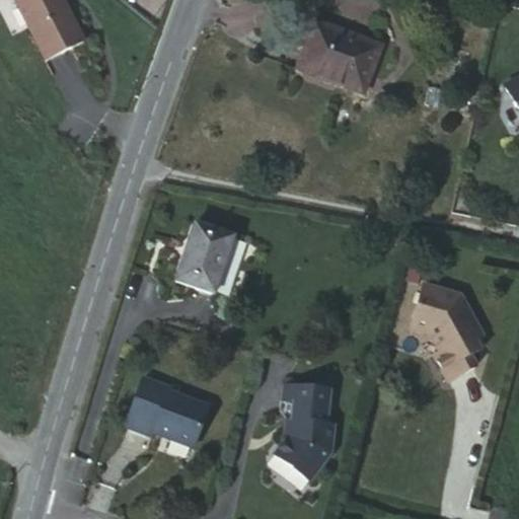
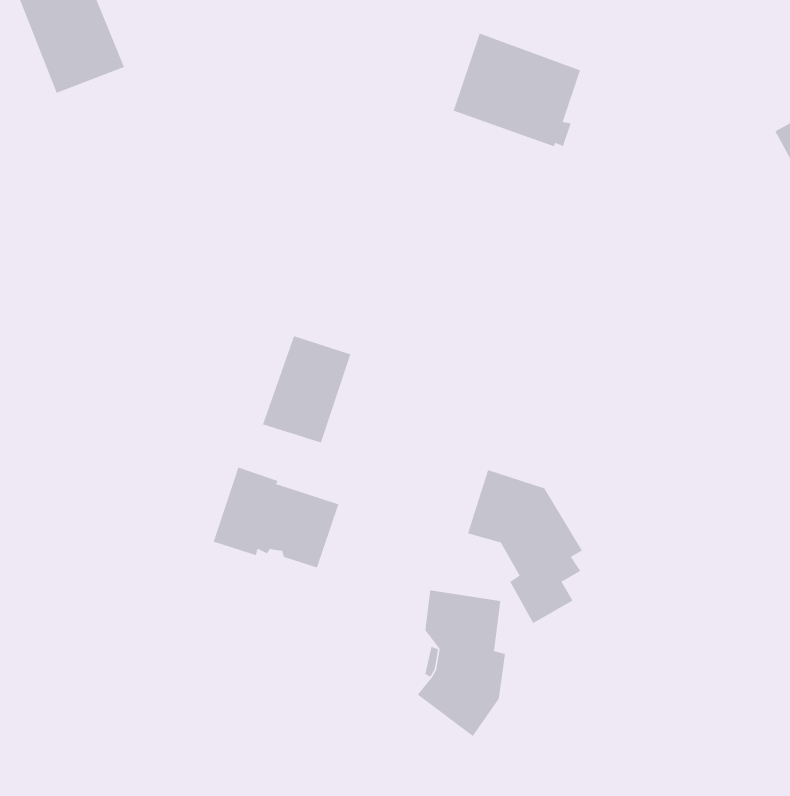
building: [411,278,486,378] -> [467,469,583,624]
building: [122,378,204,444] -> [213,467,339,568]

